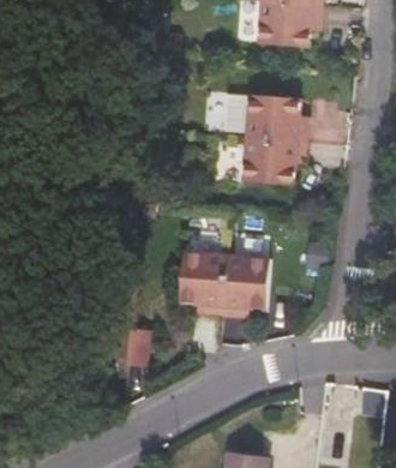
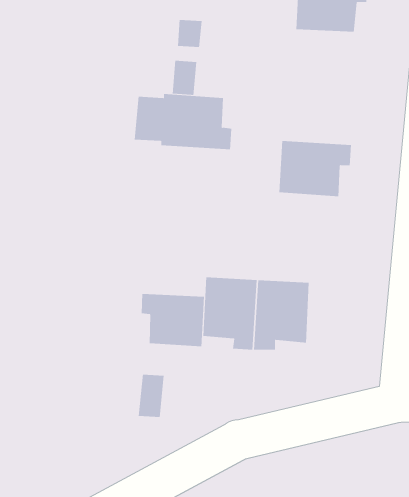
building: [223,92,307,140] -> [134,93,232,150]
building: none -> [141,293,205,347]

